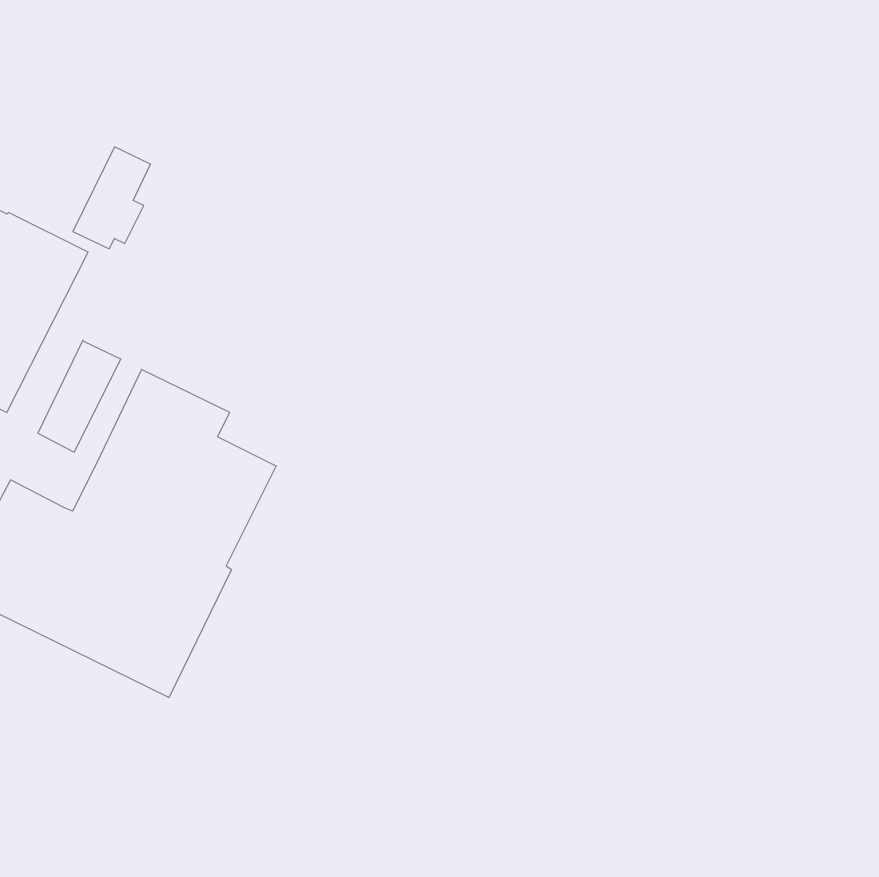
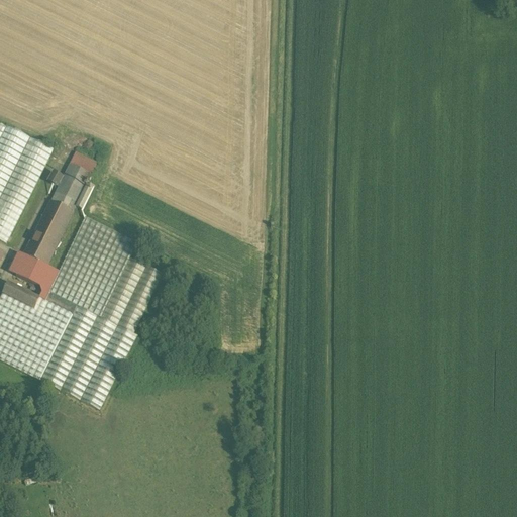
building: [73,147,151,249] -> [49,150,95,210]
building: none -> [7,250,57,299]

